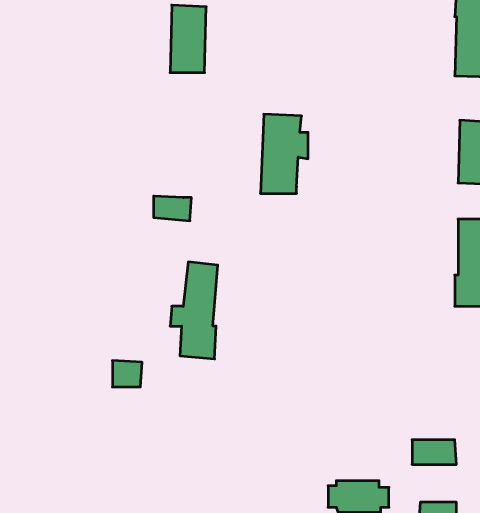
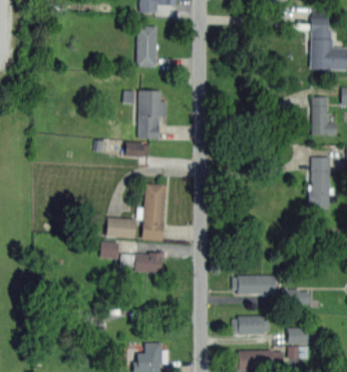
building: [260,114,308,193] -> [136,90,165,138]
building: none -> [106,219,134,239]
building: none -> [119,251,164,273]
building: none -> [232,275,275,295]

